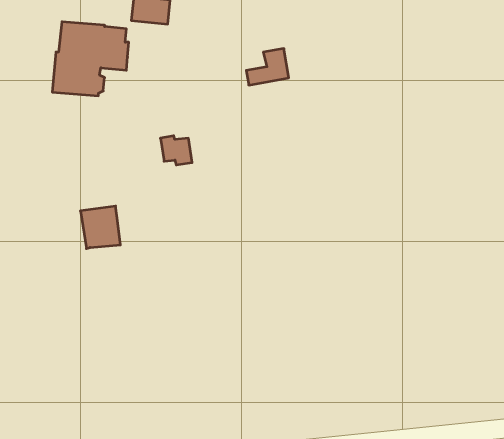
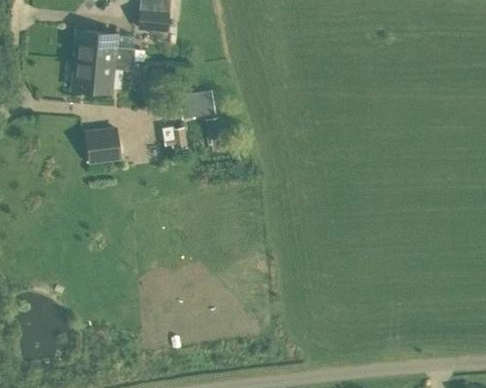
building: [246,49,289,85] -> [180,89,215,120]
building: [80,206,120,249] -> [87,128,120,163]

